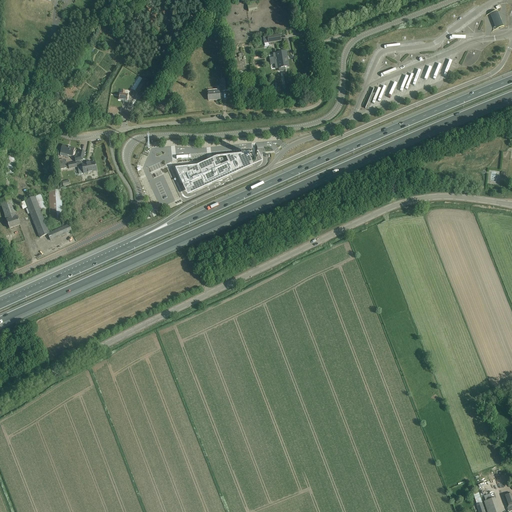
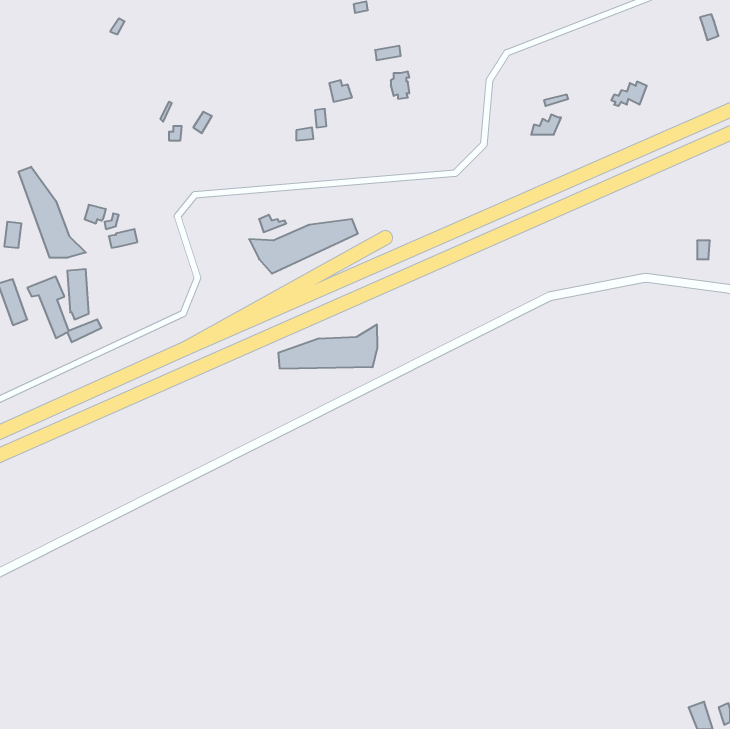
building: none -> [19,167,86,258]
building: none -> [278,324,377,369]

